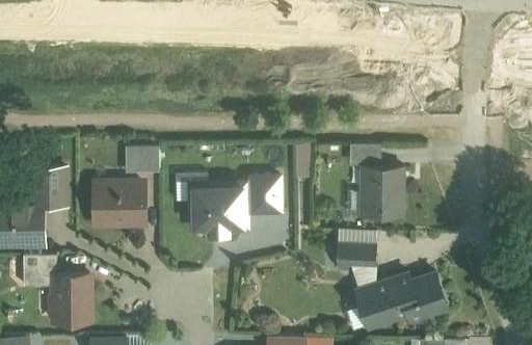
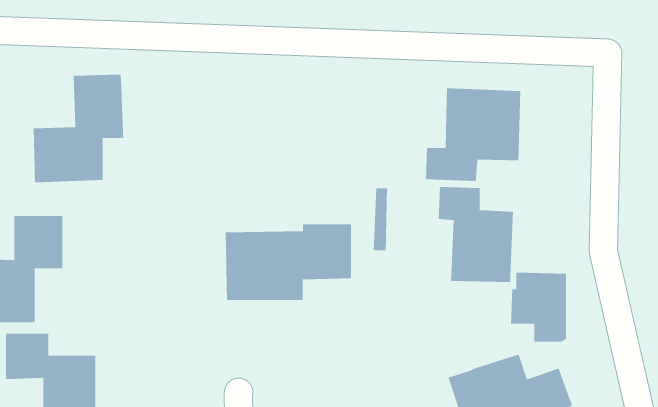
building: none -> [425,87,521,182]
building: [92,147,161,229] -> [33,74,124,183]
building: [334,231,376,284] -> [510,272,567,342]

